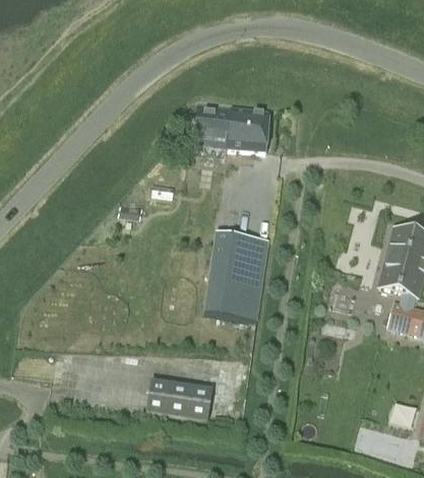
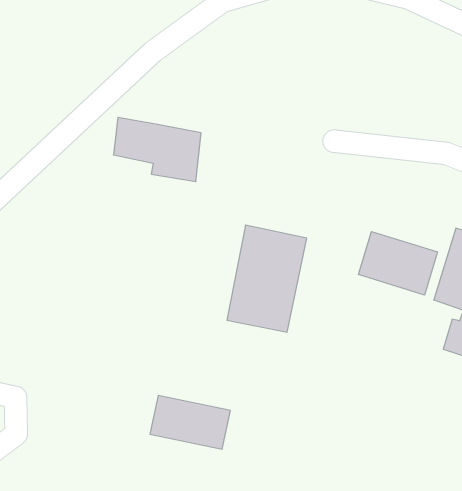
building: [196,101,268,151] -> [113,117,201,181]
building: none -> [359,232,437,295]

